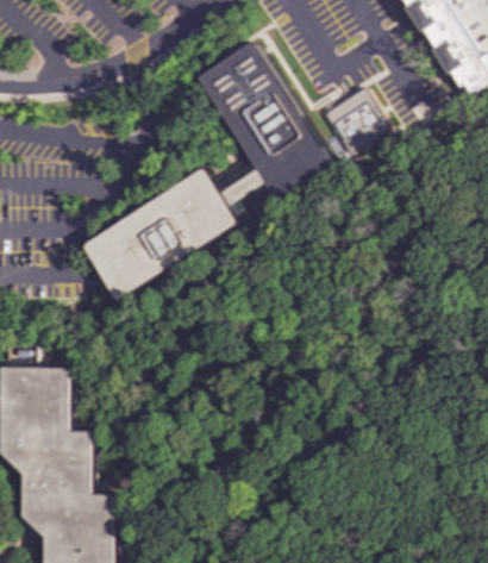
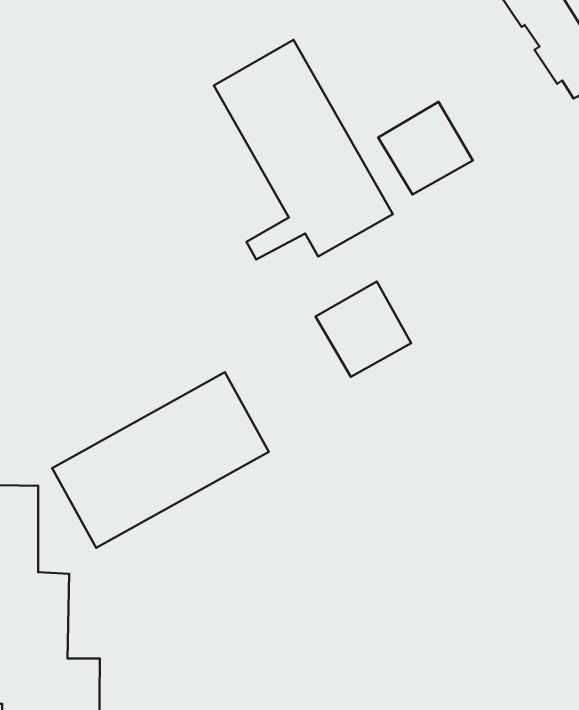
building: [82,169,240,298] -> [52,372,269,548]
building: none -> [315,281,411,377]

